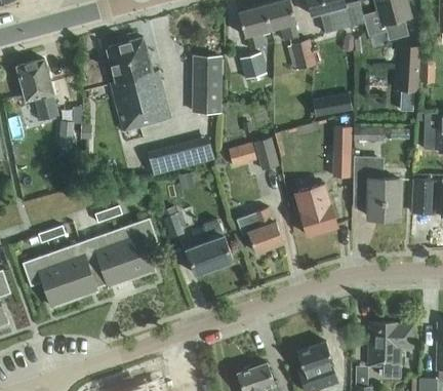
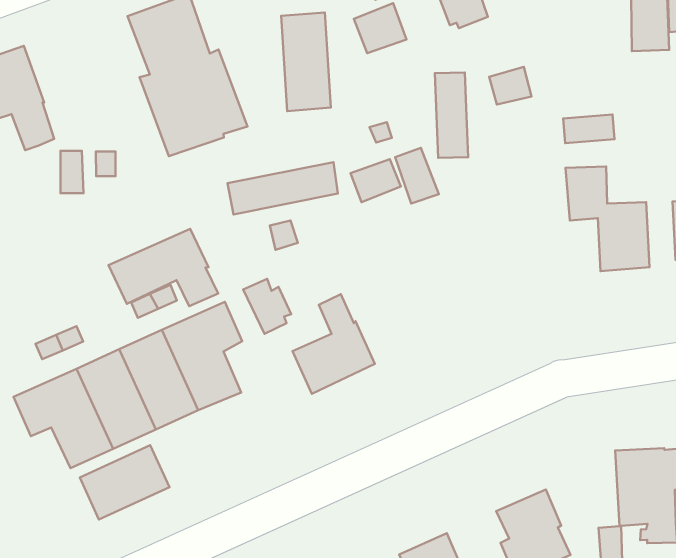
building: [331,127,351,178] -> [435,73,468,158]
building: none -> [108,229,218,306]
building: [295,184,337,235] -> none
building: [238,208,283,252] -> none
building: none -> [80,445,170,520]

